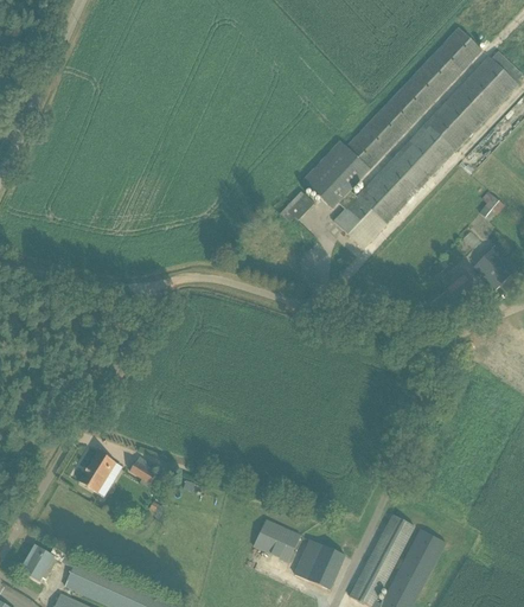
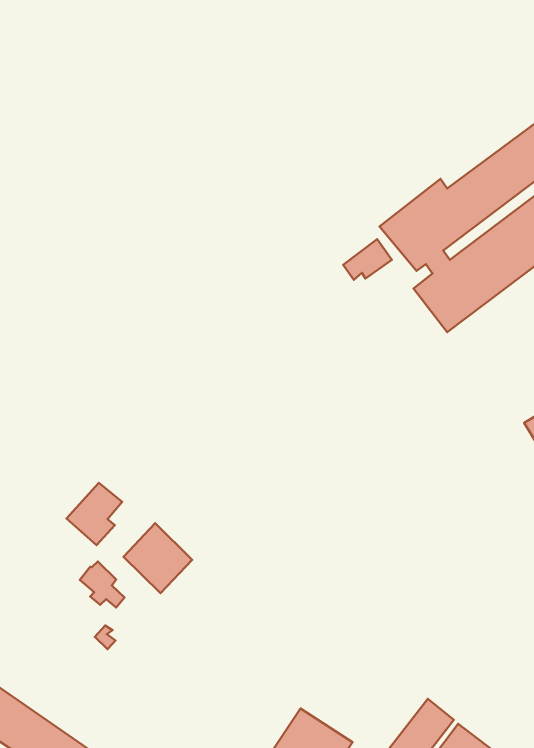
building: none -> [123,523,192,593]
building: [78,452,116,497] -> [66,483,122,545]
building: [253,519,301,562] -> none

